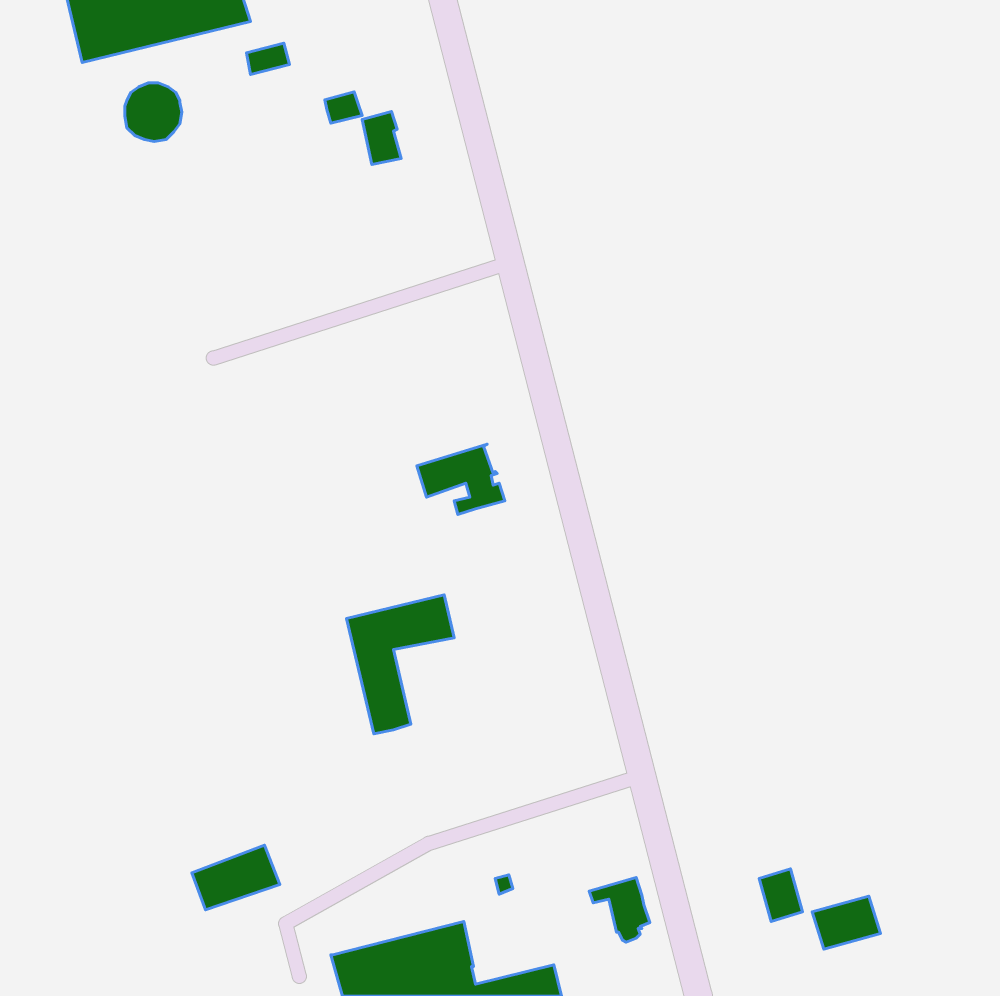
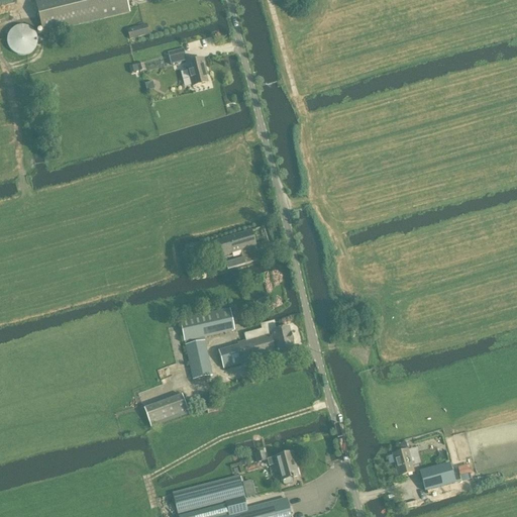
building: [125,83,182,142] -> [8,21,37,51]
building: none -> [218,320,295,368]
building: [192,845,280,910] -> [143,394,189,427]
building: [589,878,650,942] -> [267,451,298,485]

